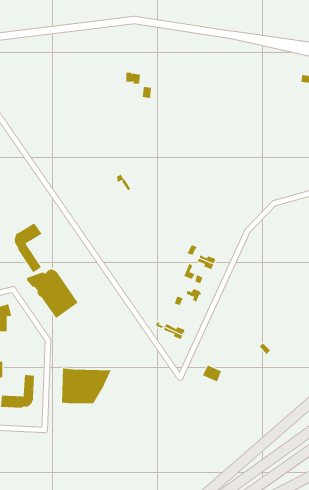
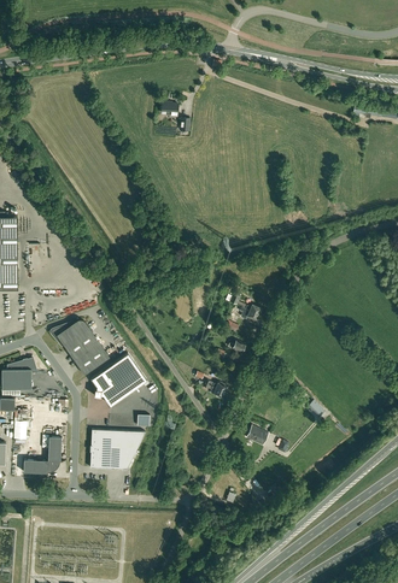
building: [14,223,42,273] -> none
building: none -> [92,353,147,406]

